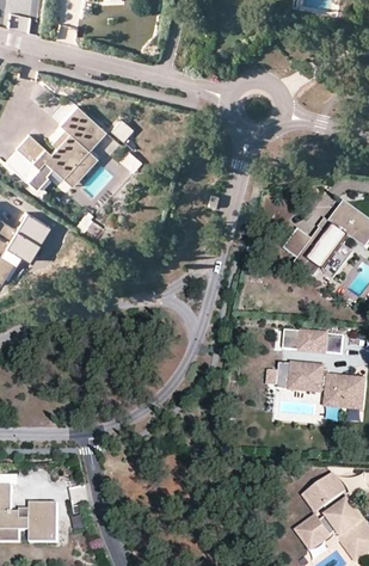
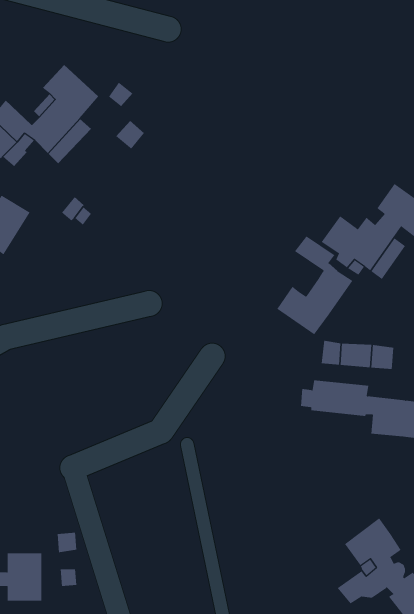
building: none -> [277,236,353,335]

